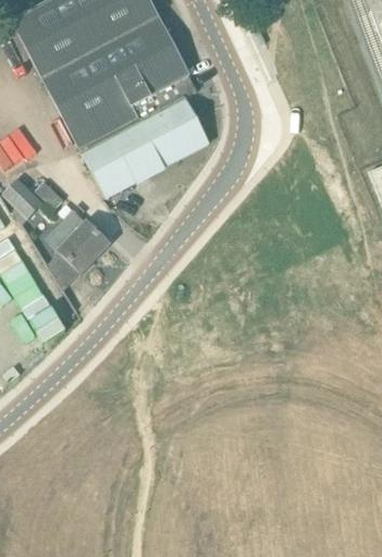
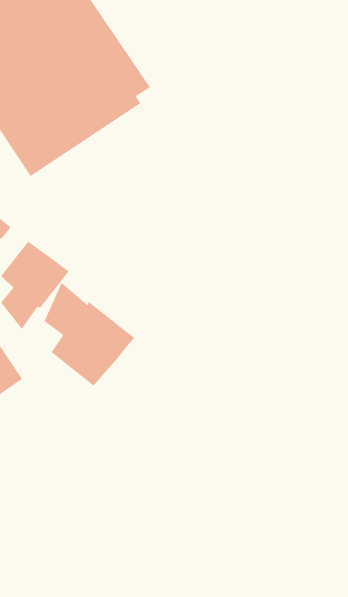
building: [85,102,209,196] -> none
building: none -> [44,282,135,386]

